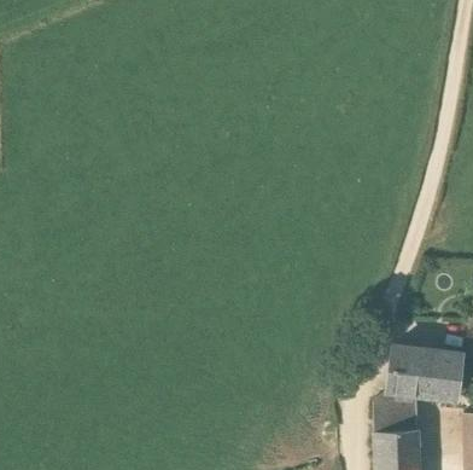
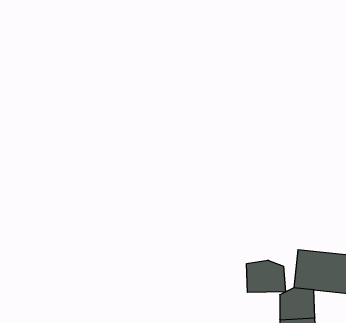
building: none -> [247,260,285,292]

